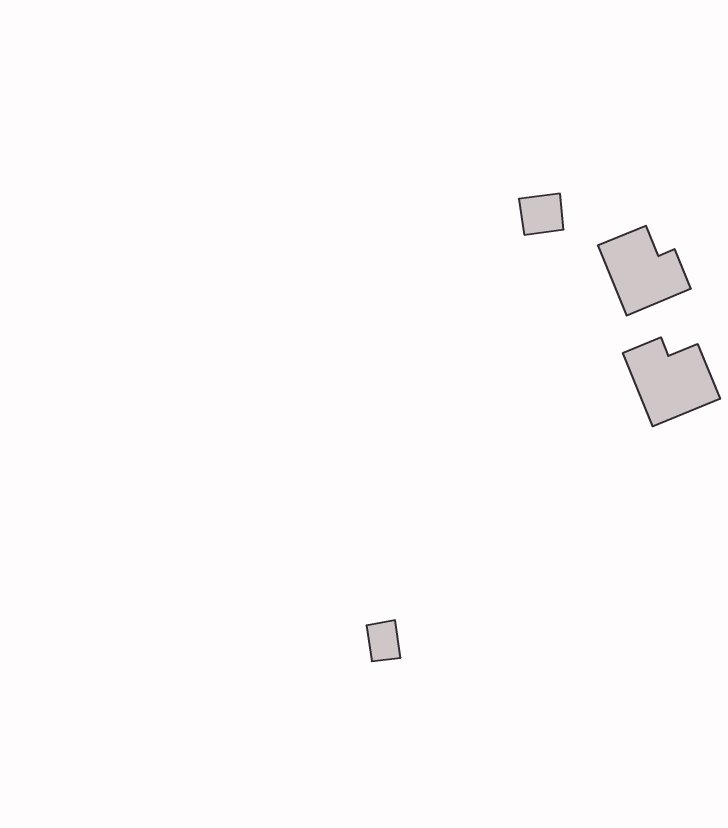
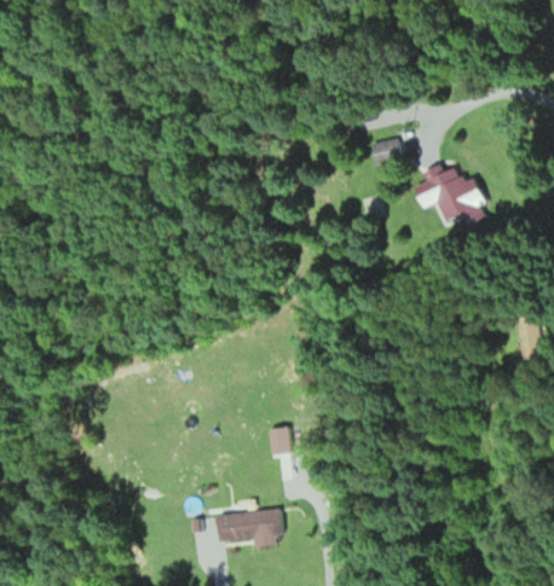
building: [623,337,720,426] -> none
building: none -> [217,509,282,541]

